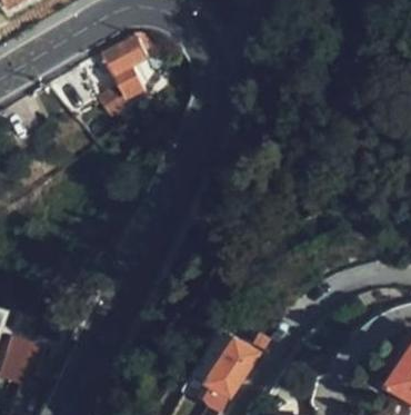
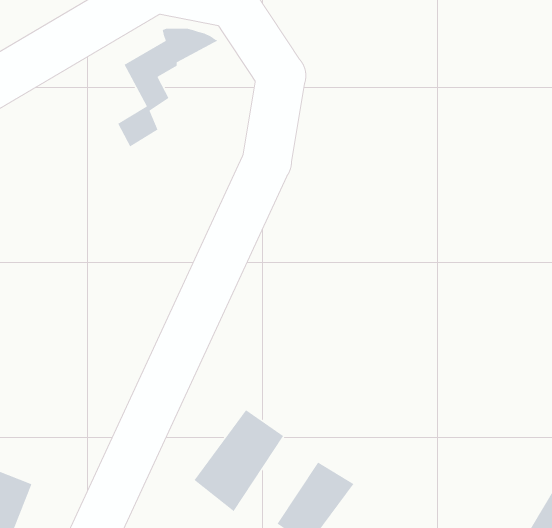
building: none -> [194,409,284,512]

